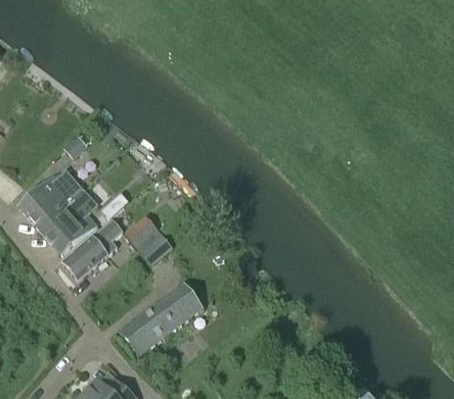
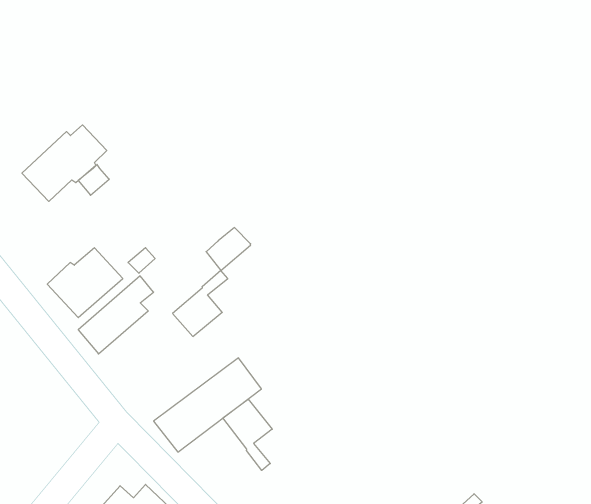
building: [19,168,84,227] -> [22,125,107,201]
building: [124,216,157,249] -> [206,228,251,271]
building: none -> [223,399,272,470]

